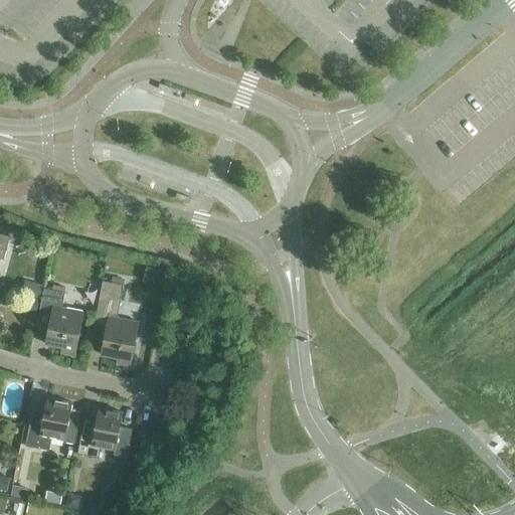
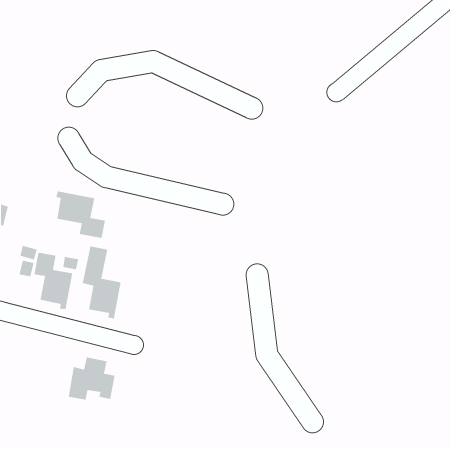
building: none -> [55,191,106,239]
building: [25,397,80,450] -> none

